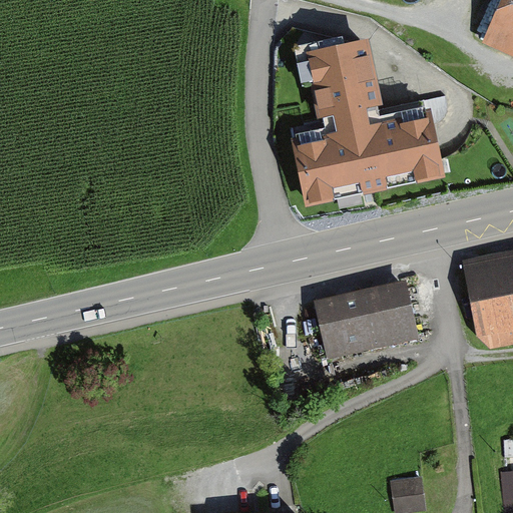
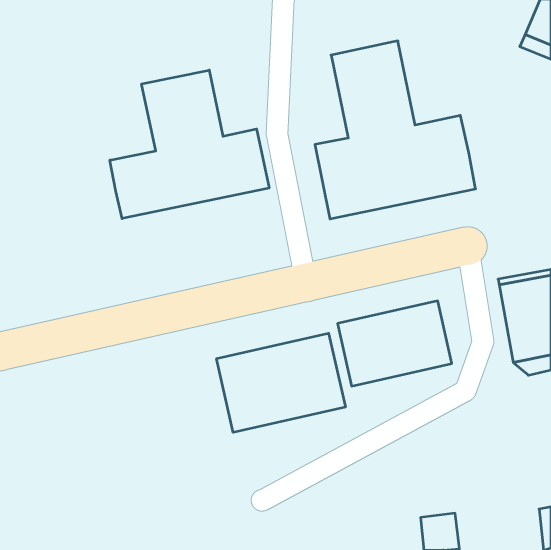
building: none -> [110,70,269,219]
building: none -> [217,333,345,432]

